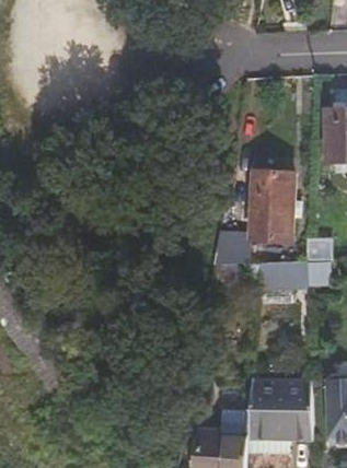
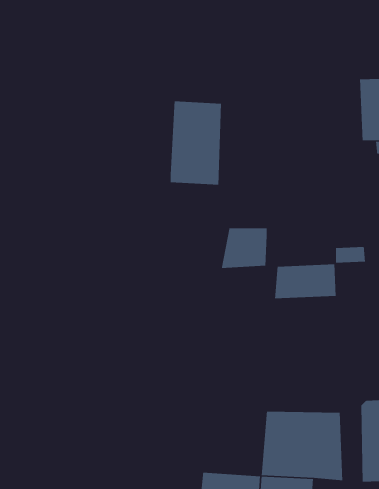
building: [251,171,293,241] -> [170,100,222,185]

